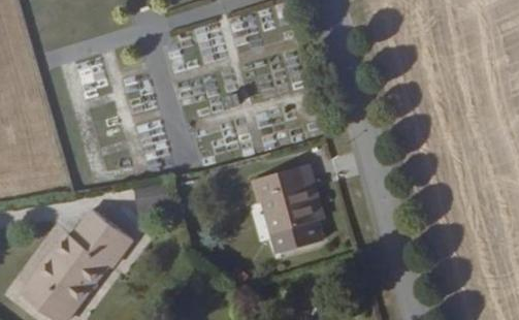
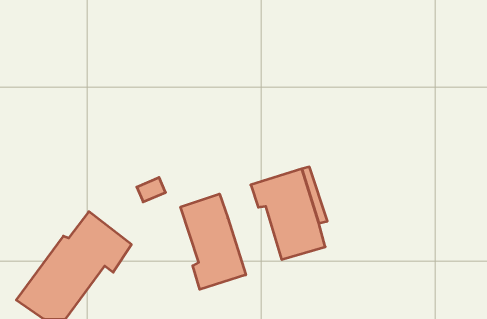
building: none -> [181,194,246,289]

